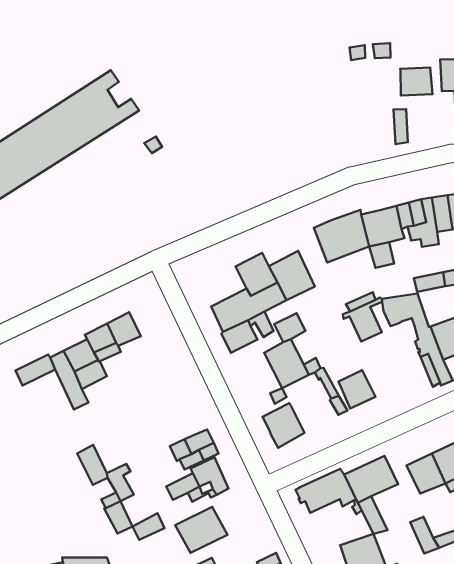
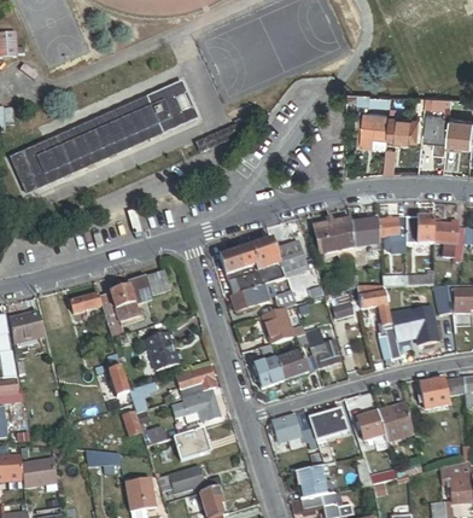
building: none -> [362,111,389,149]
building: none -> [221,246,256,274]
building: none -> [140,328,182,368]
building: none -> [276,350,308,380]

